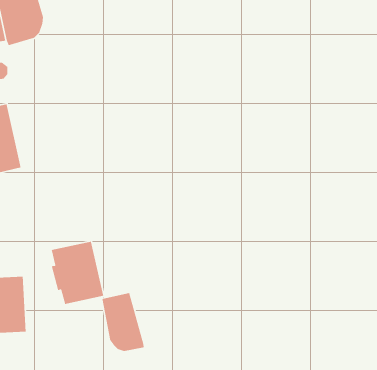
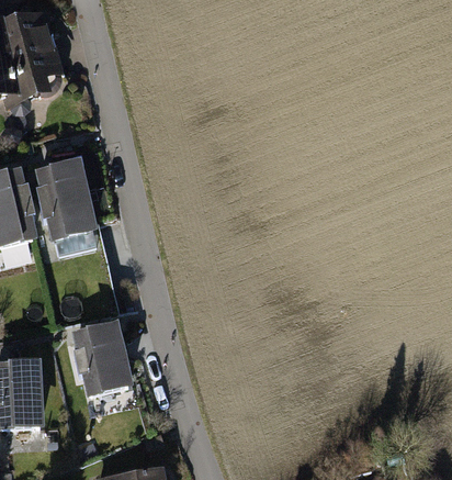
building: none -> [34,158,99,241]
building: [101,292,145,352] -> none

